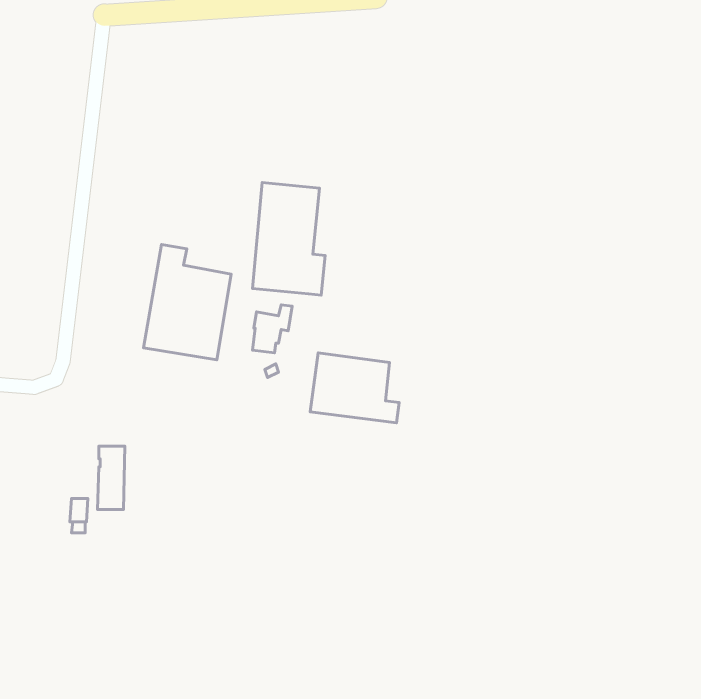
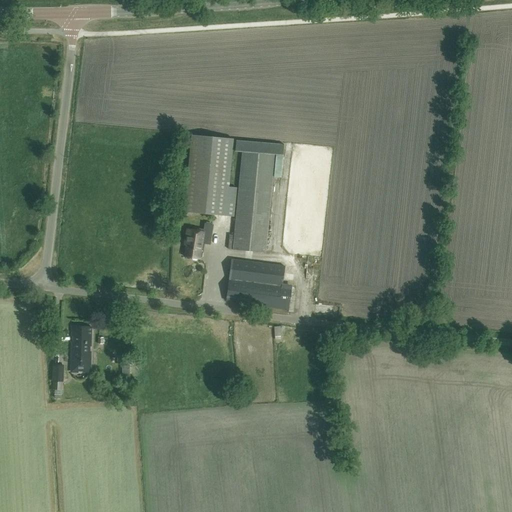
building: none -> [228,139,284,251]
building: [143,244,231,360] -> none

